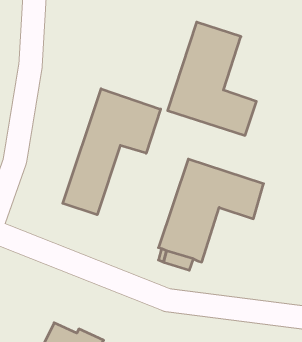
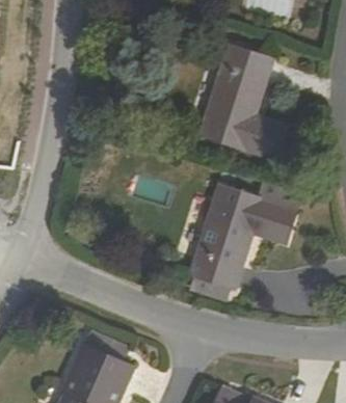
building: [63,89,161,215] -> none

